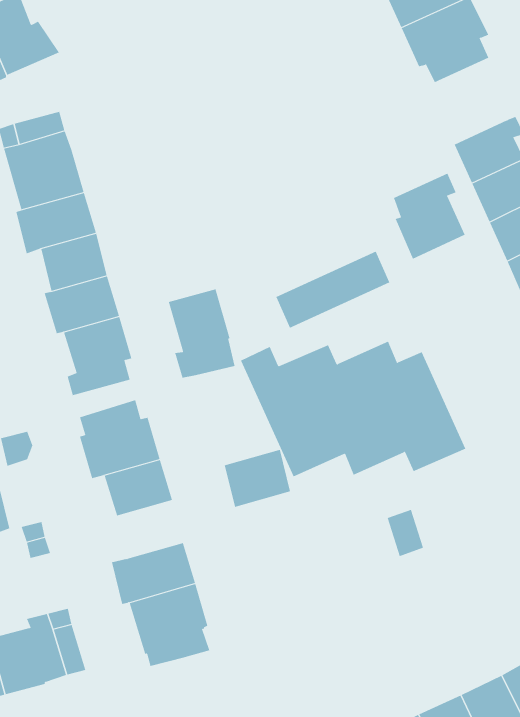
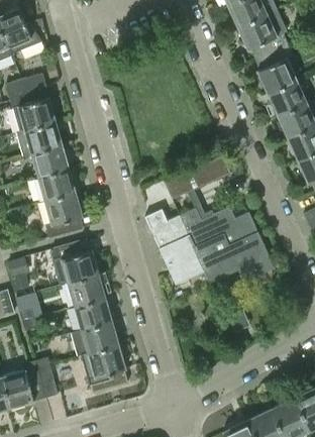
building: [393,173,465,260] -> [255,45,297,95]
building: [168,288,235,378] -> none
building: [224,449,291,508] -> [74,298,112,331]

